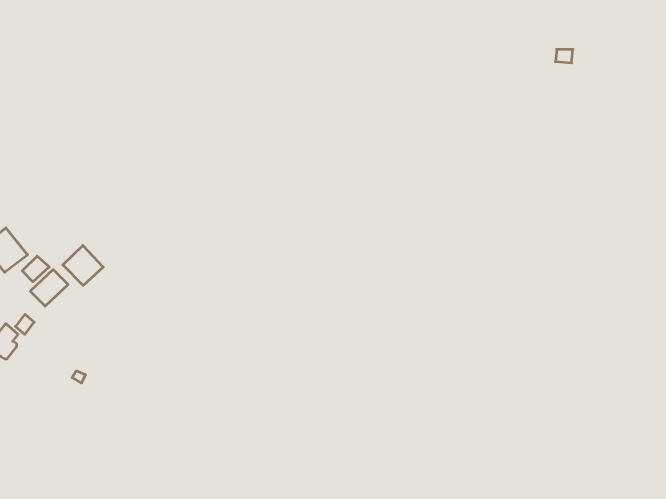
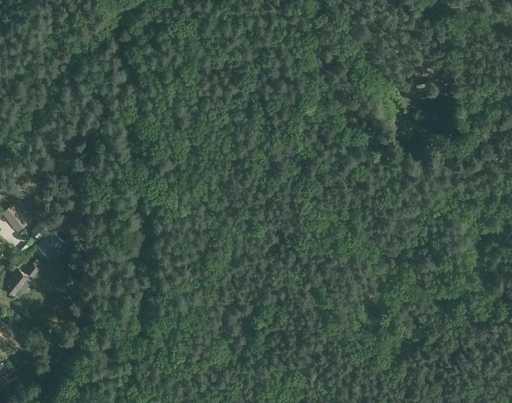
building: [63,245,103,285] -> none

